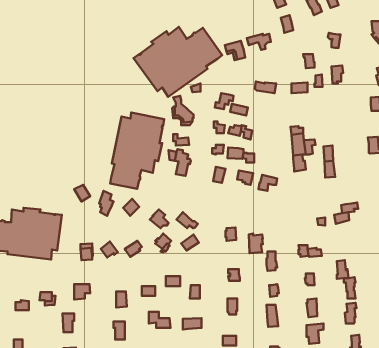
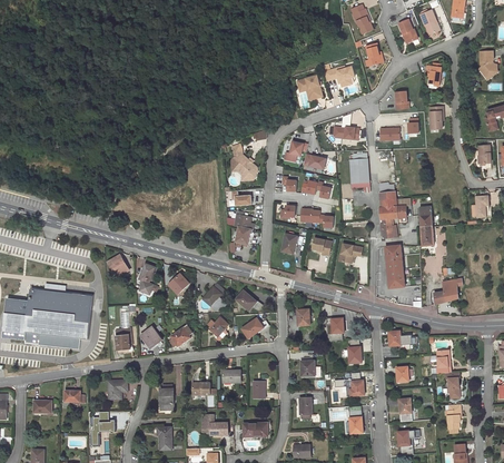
building: [134,27,222,97] -> none
building: none -> [349,158,369,187]
building: [110,113,164,189] -> none
building: none -> [385,245,405,288]

